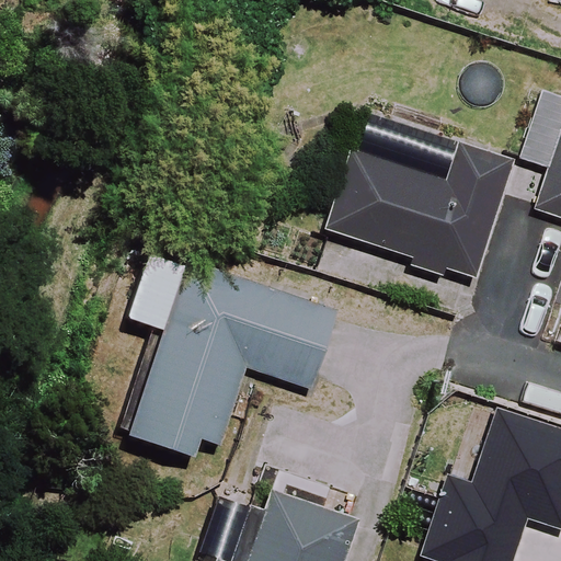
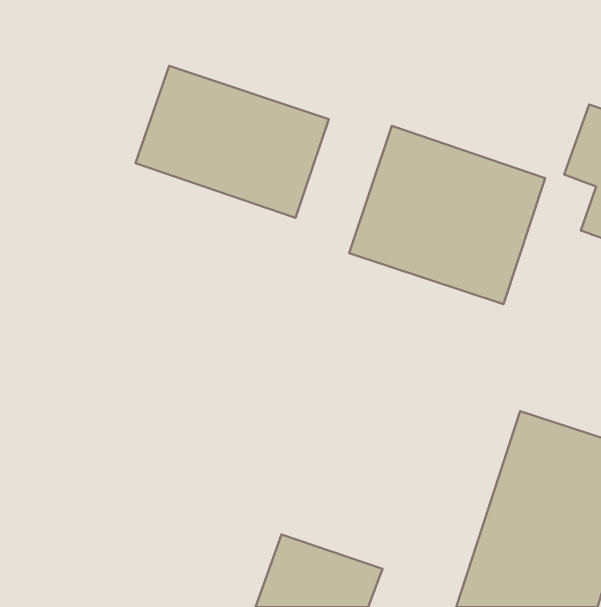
building: none -> [136,66,329,218]
building: [126,251,333,463] -> none

